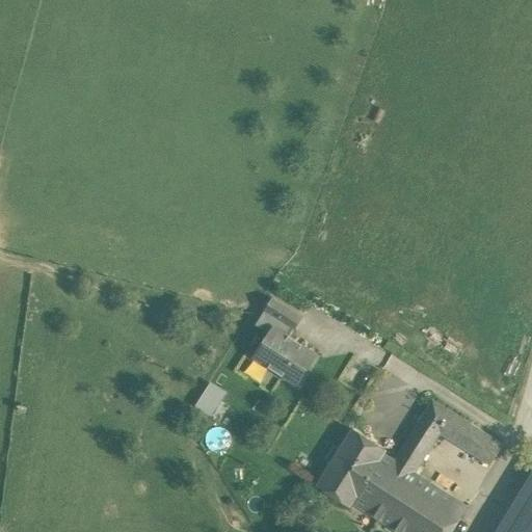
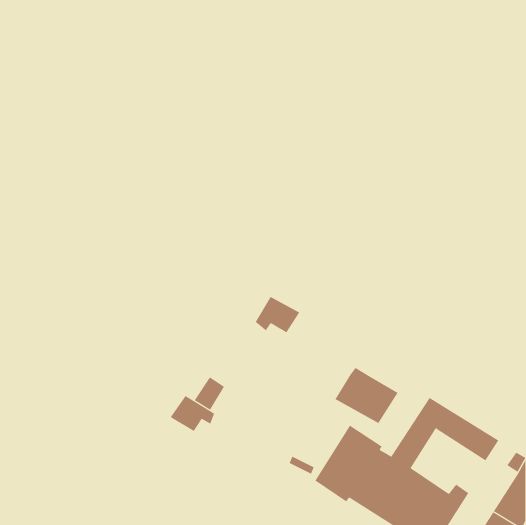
building: [252,328,317,385] -> [335,367,398,424]
building: none -> [170,395,215,432]

